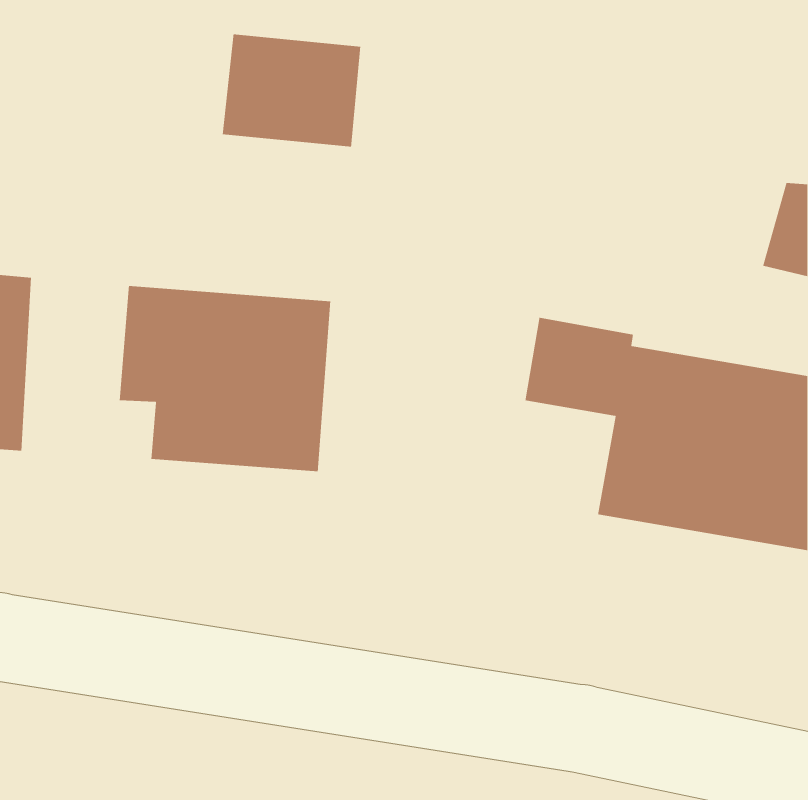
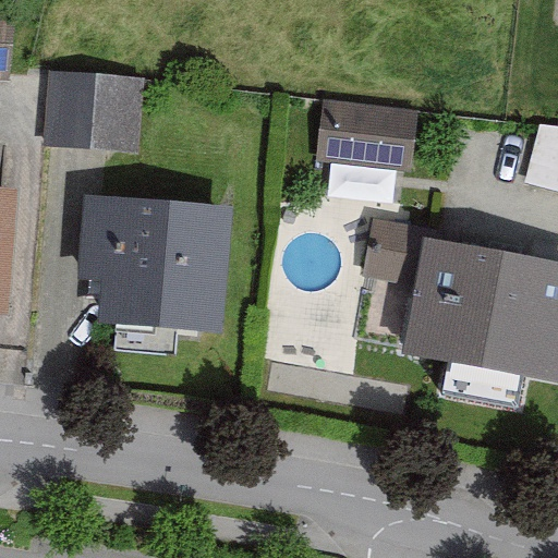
building: [222,33,361,148] -> [46,74,142,153]
building: none -> [314,106,415,173]

